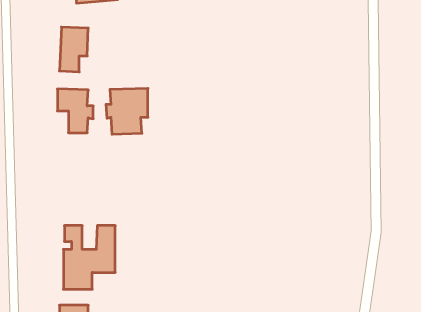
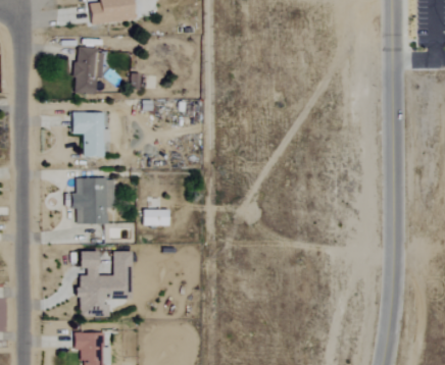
building: [106,88,148,134] -> [71,177,114,224]
building: none -> [143,210,169,225]

